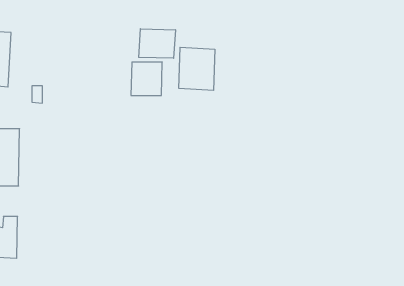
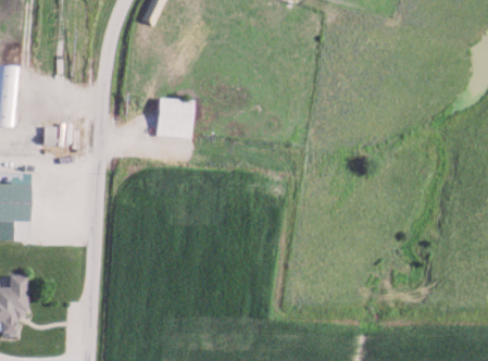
building: [139,29,175,58] -> none
building: [179,47,215,90] -> none

